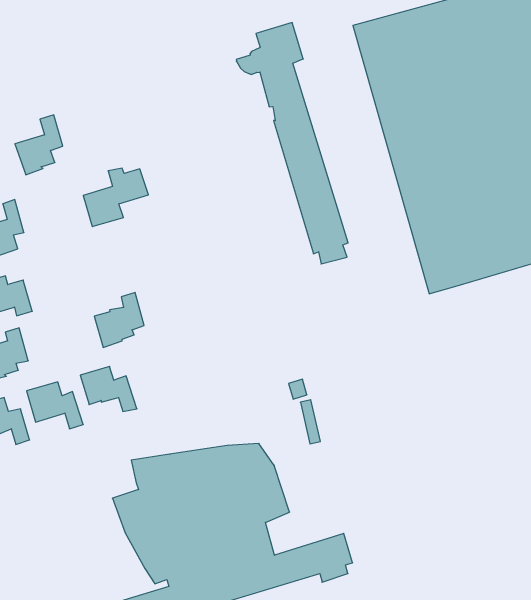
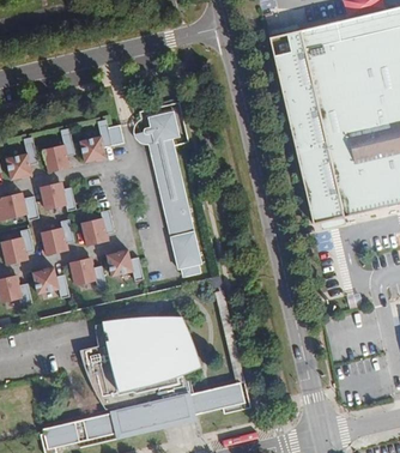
building: [236,23,348,264] -> [133,110,201,276]
building: [15,115,63,175] -> [41,132,73,171]
building: none -> [38,182,75,210]
building: none -> [41,218,73,253]
building: none -> [105,248,143,280]

